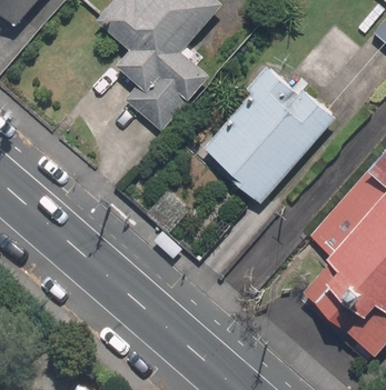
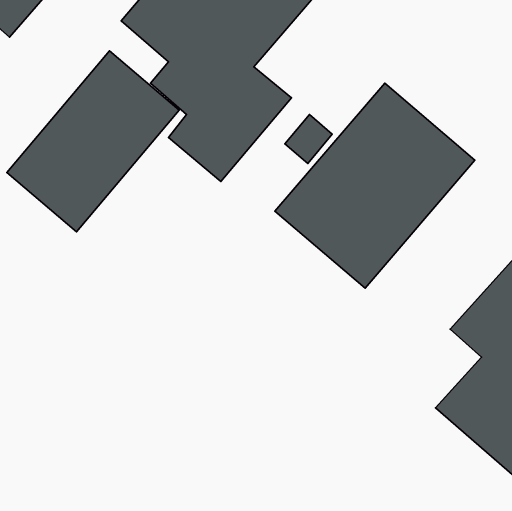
building: none -> [7,51,179,232]

